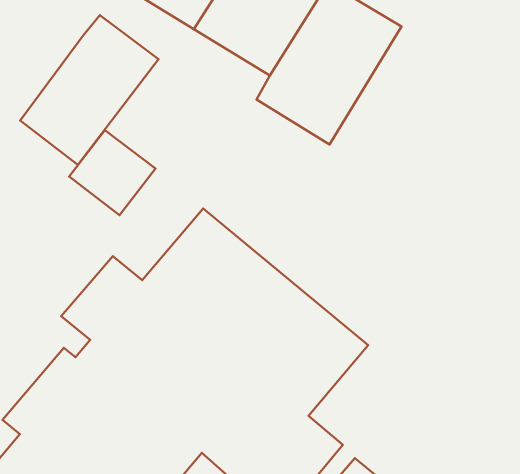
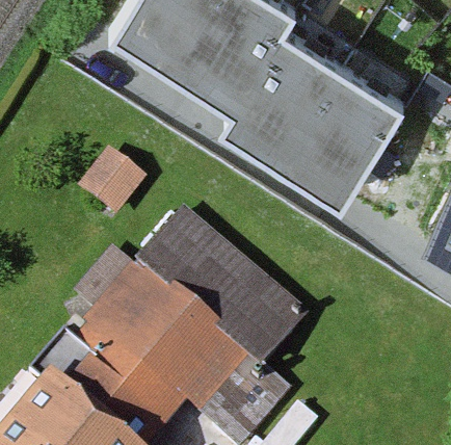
building: [20,15,159,165] -> none
building: none -> [282,66,398,194]

